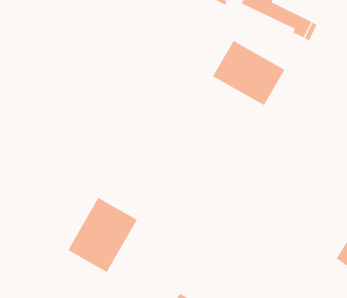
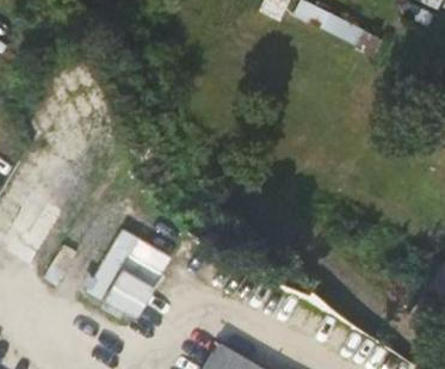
building: [212,40,285,106] -> none

